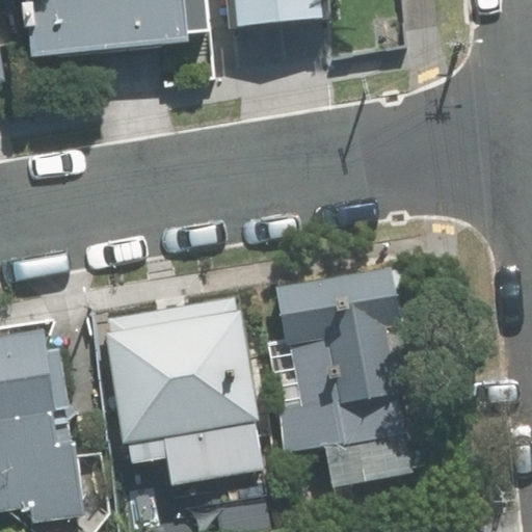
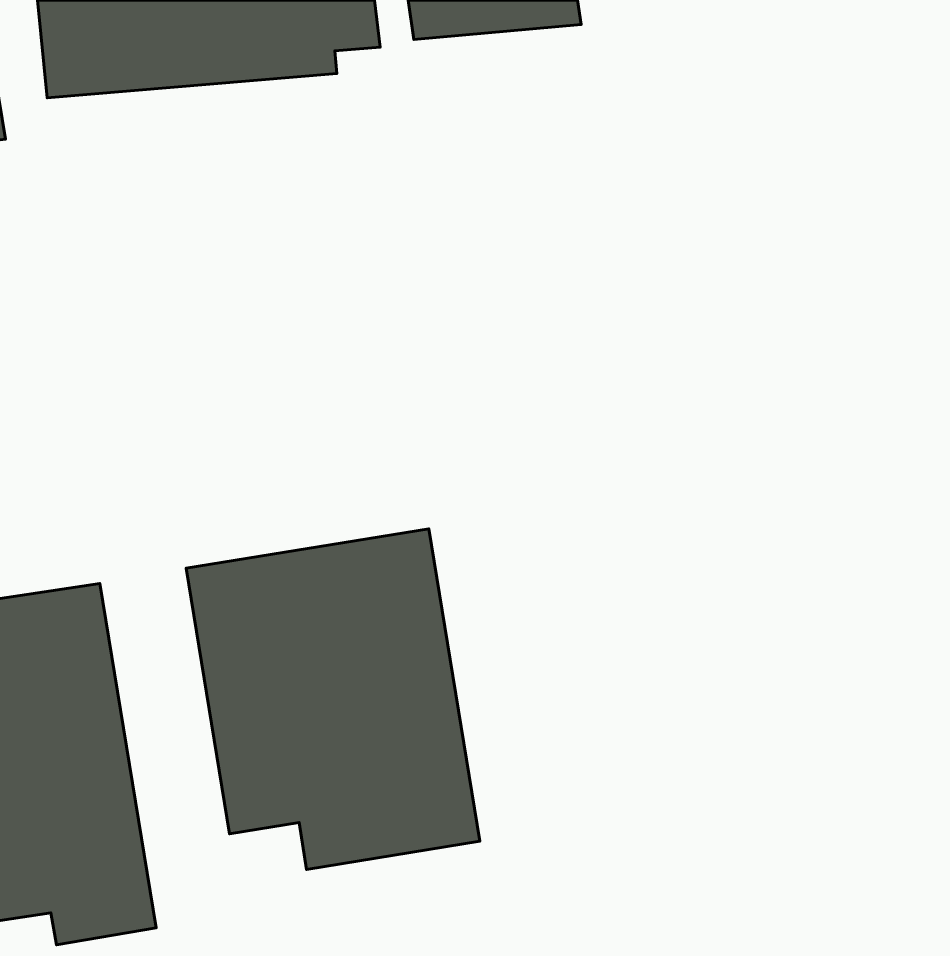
building: [274,267,417,452] -> none

